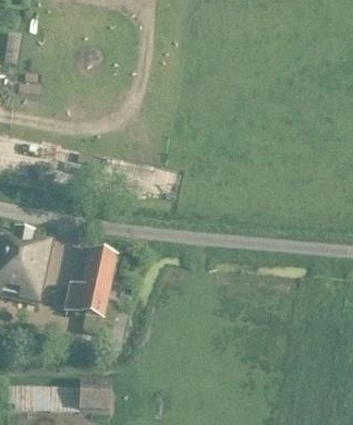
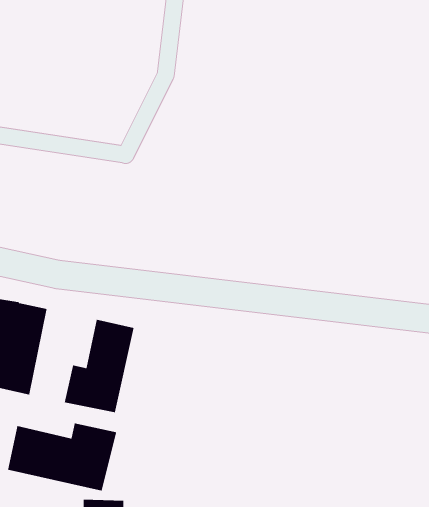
building: none -> [7,422,117,492]

